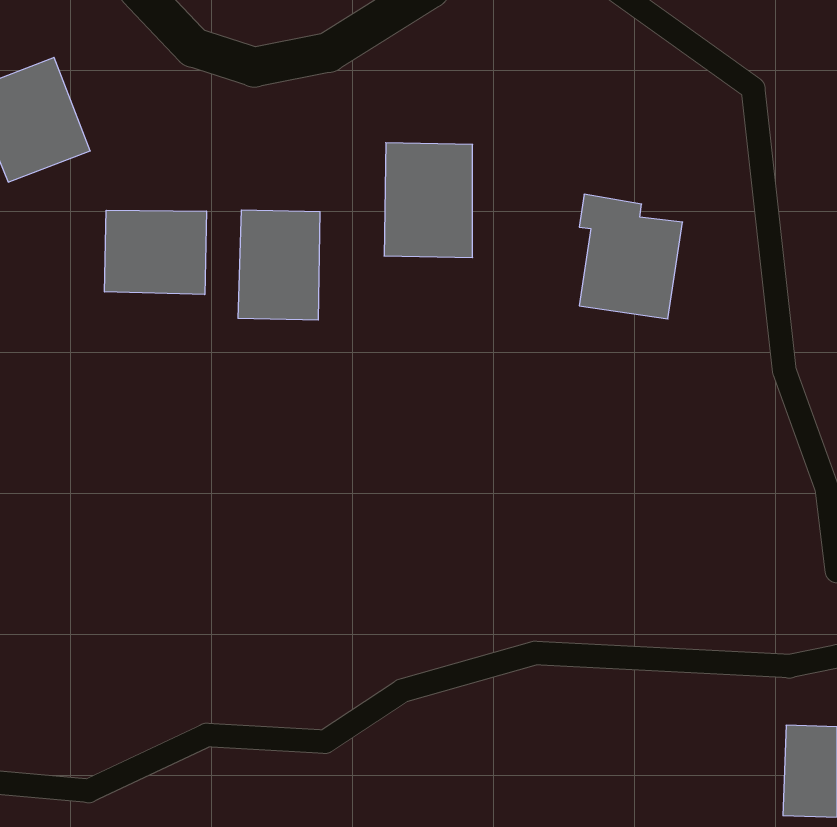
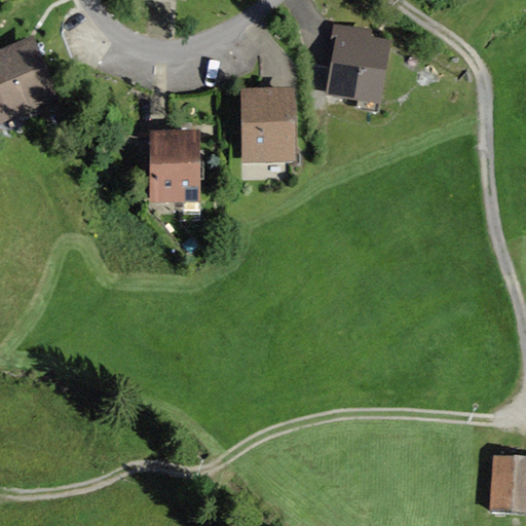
building: [579,194,683,319] -> [329,24,393,102]
building: [105,210,206,295] -> none

